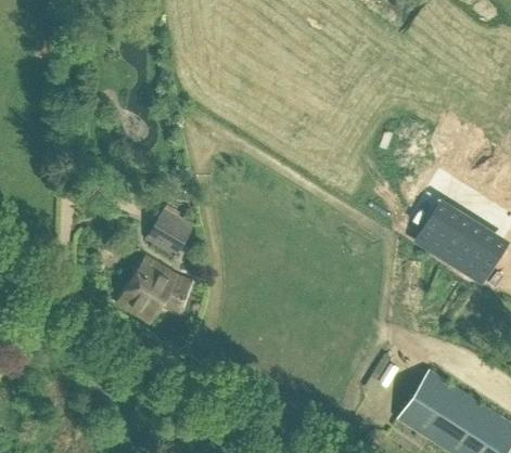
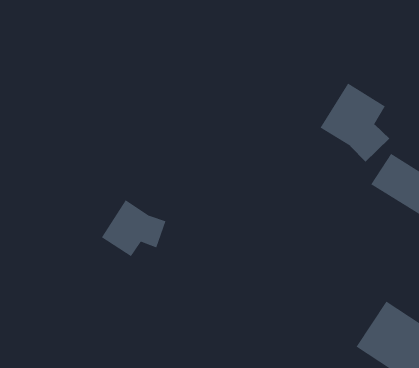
building: none -> [320,83,390,162]
building: [146,209,193,256] -> none

